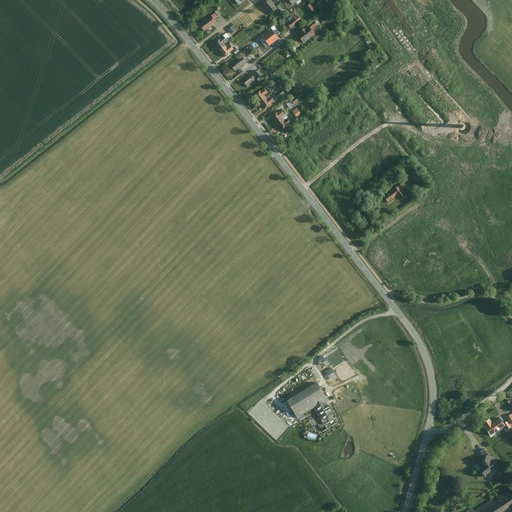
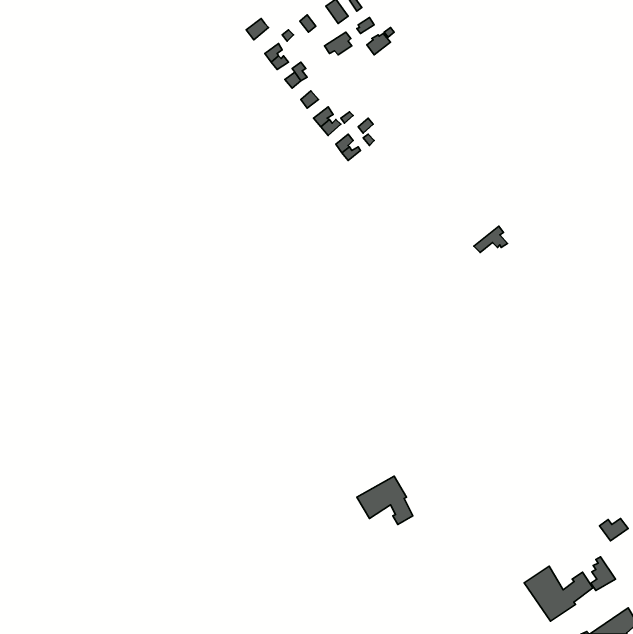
building: none -> [524,566,593,621]

